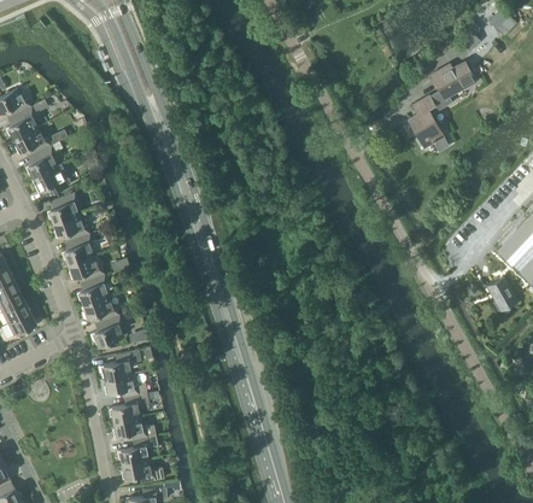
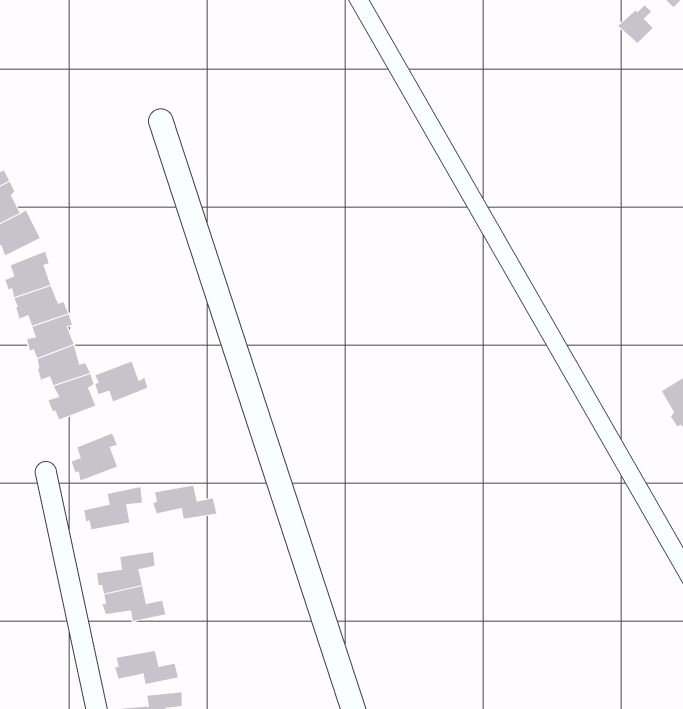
building: [408,58,478,148] -> none
building: [83,297,119,324] -> [94,361,148,402]
building: [104,375,147,398] -> [152,485,217,519]
building: [117,437,158,466] -> none

